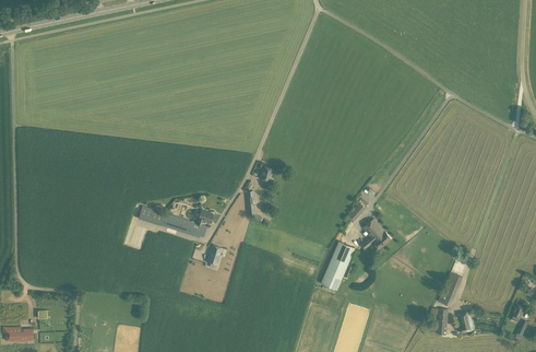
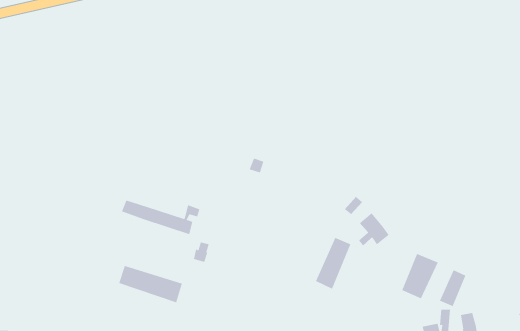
building: none -> [401,253,438,299]
building: none -> [119,265,182,303]

